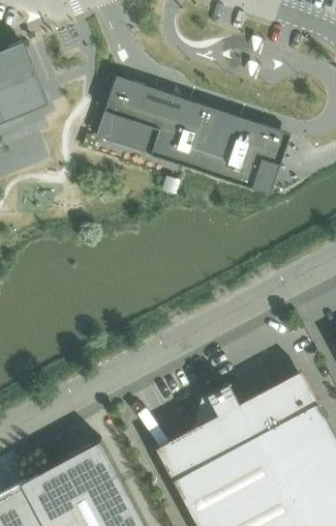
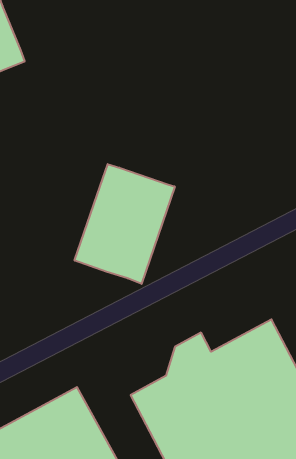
building: [95,84,288,195] -> none
building: none -> [75,164,175,284]

